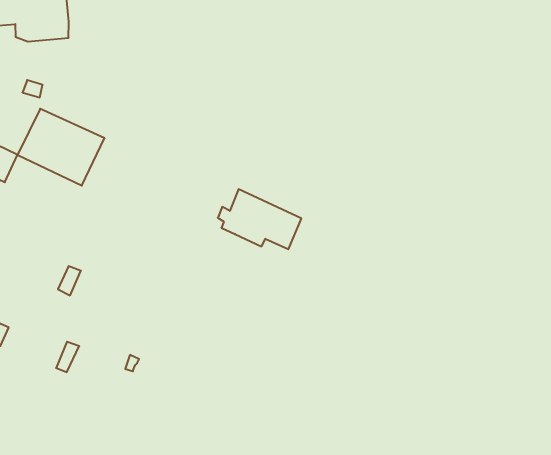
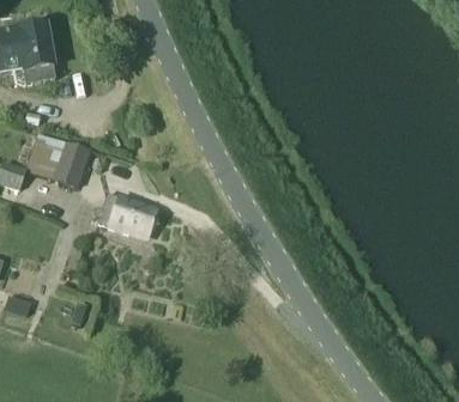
building: [218,189,301,249] -> [95,193,157,233]

